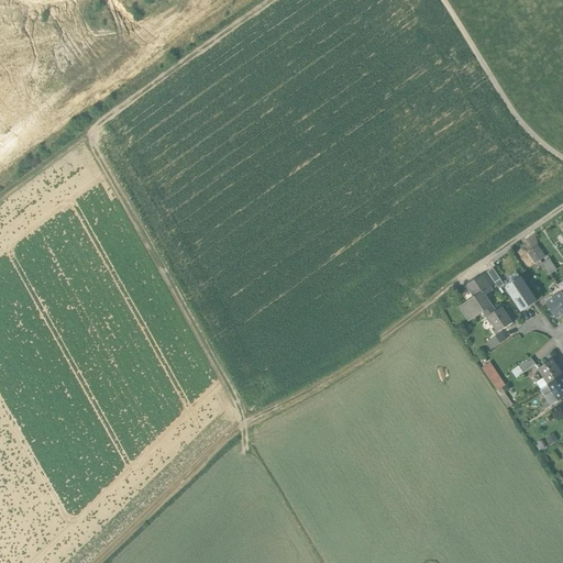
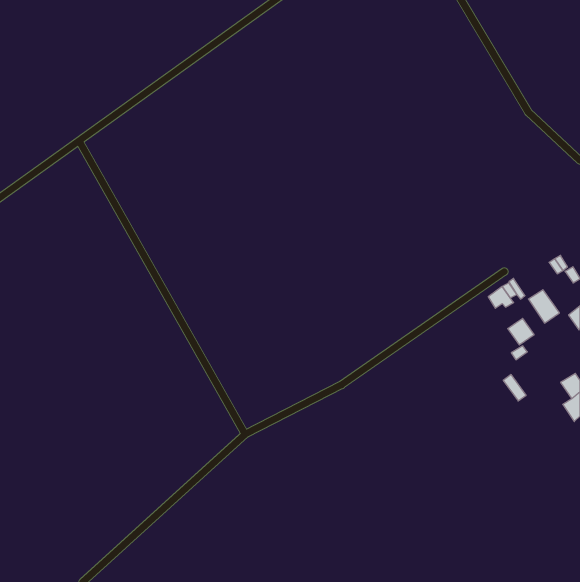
building: [463,291,495,318] -> none

